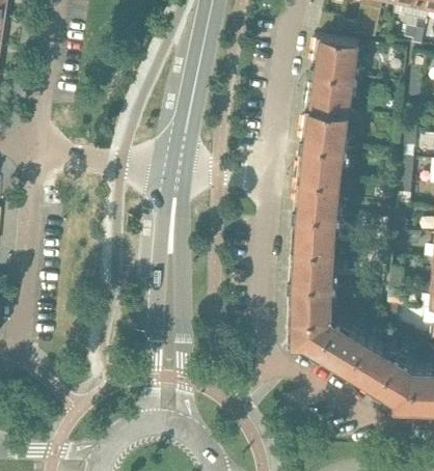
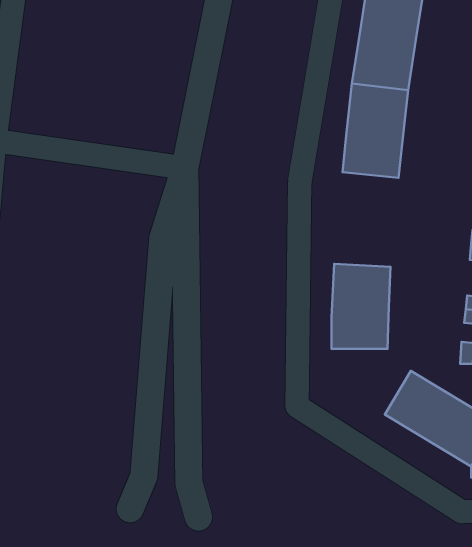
building: [292,181,341,252] -> none
building: [289,314,352,364] -> none

